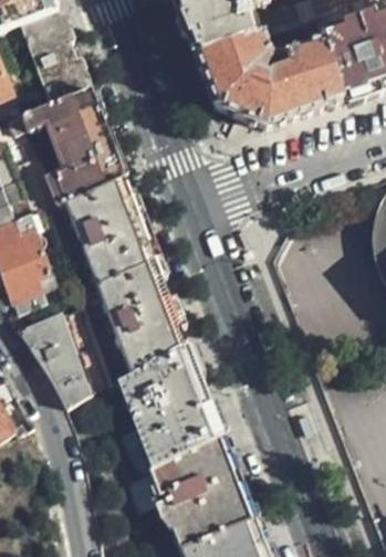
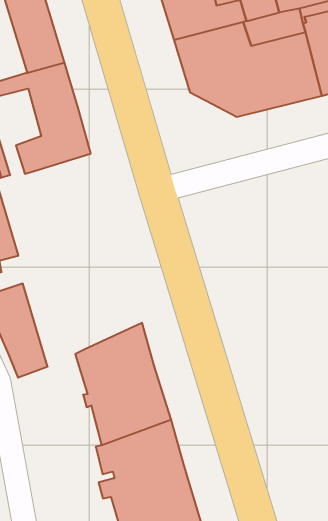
building: [65,179,185,375] -> none

